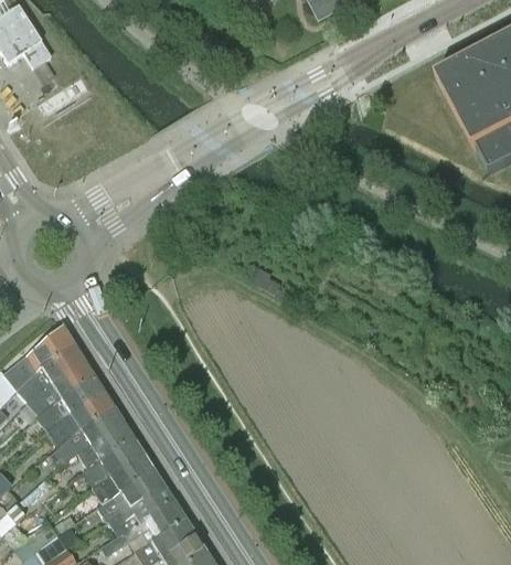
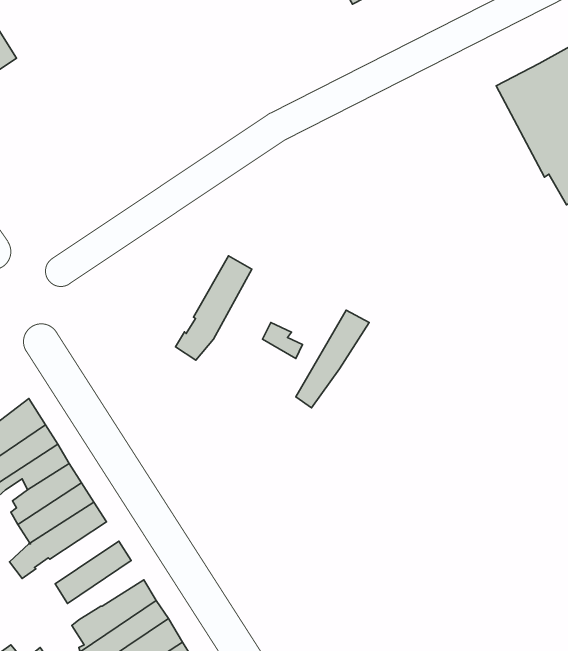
building: none -> [175,256,252,360]
building: none -> [296,310,369,408]
building: [77,424,132,468] -> none
building: [92,455,152,502] -> none

